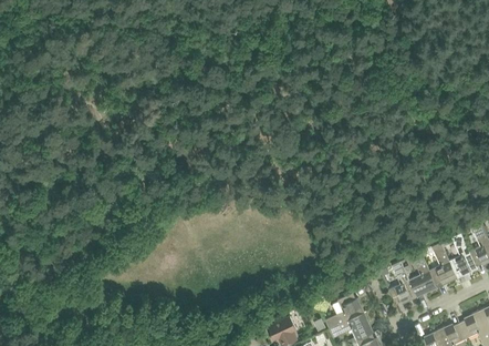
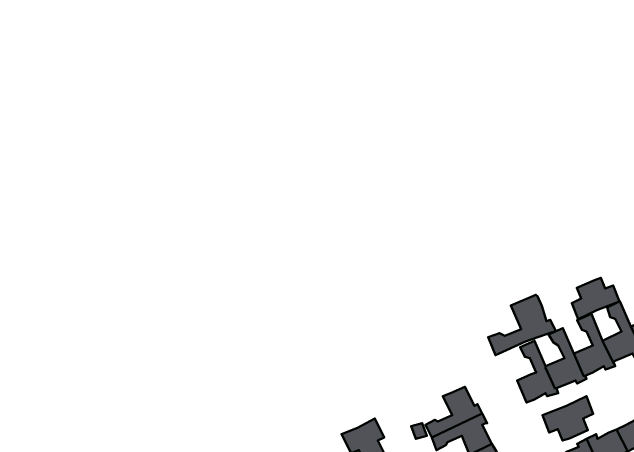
building: none -> [572,278,620,319]
building: none -> [488,295,556,355]
building: none -> [542,396,593,441]

